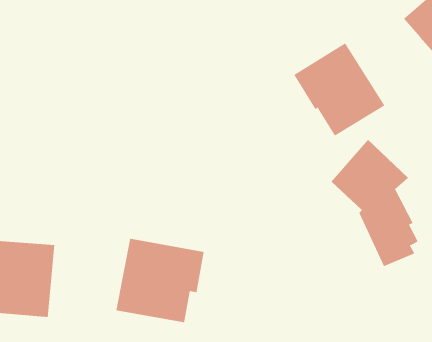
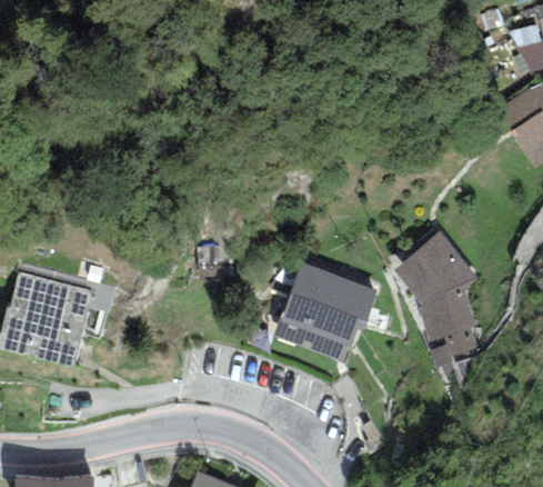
building: [294,43,385,137] -> none
building: [116,238,204,323] -> [274,262,378,361]

